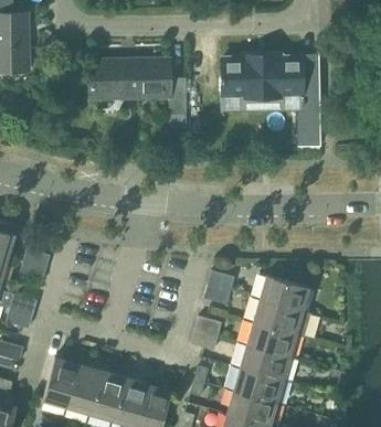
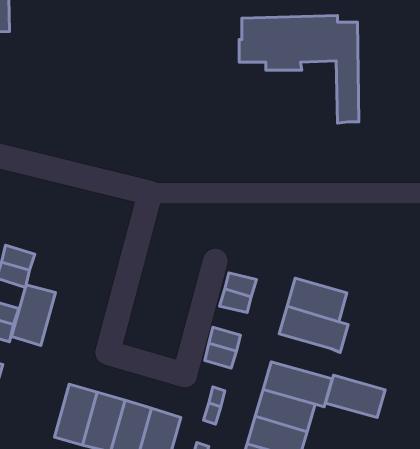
building: [89,60,187,148] -> none
building: [246,322,296,357] -> [325,375,385,418]
building: [42,357,78,408] -> [12,285,55,346]

